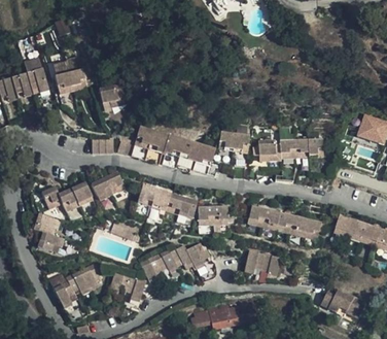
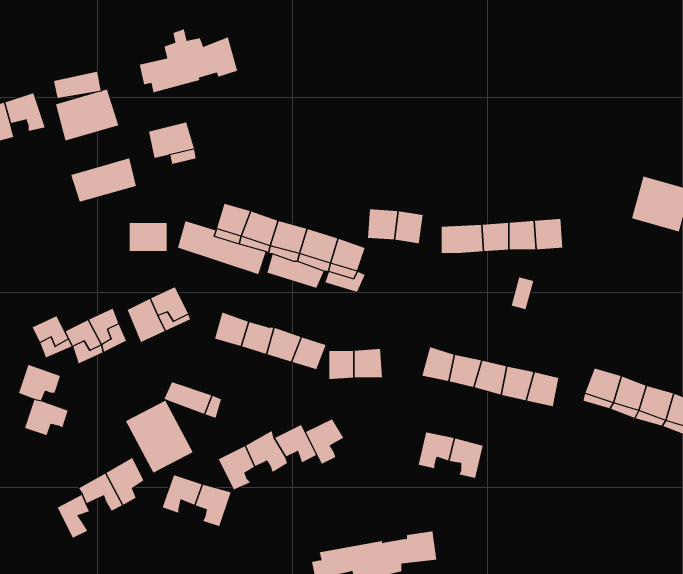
building: none -> [139,28,238,93]
building: none -> [70,158,137,203]
building: none -> [125,400,194,474]
building: [319,289,360,318] -> none

